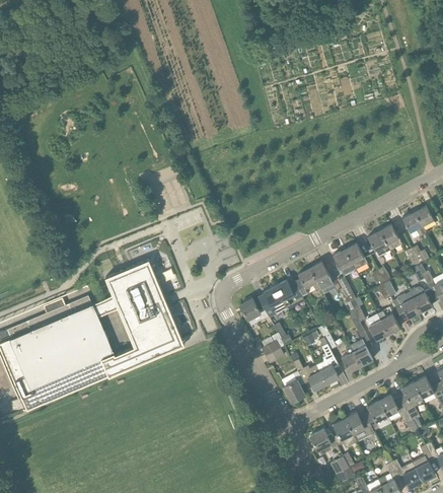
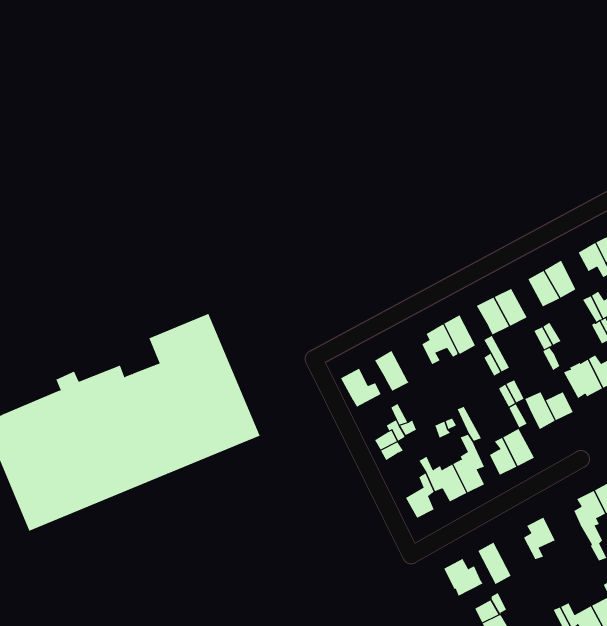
building: [275,280,302,307] -> none
building: [379,395,417,434] -> none
building: [345,413,374,441] -> none

